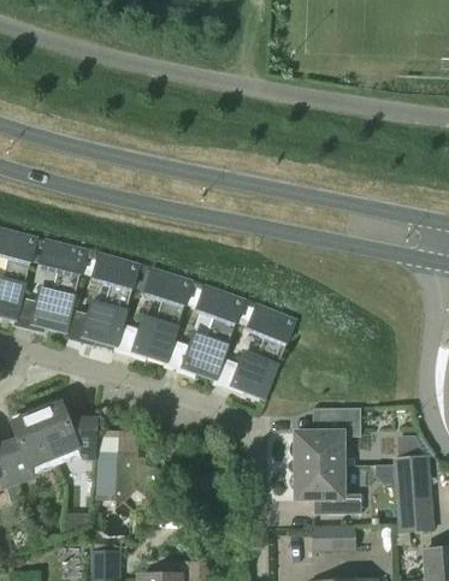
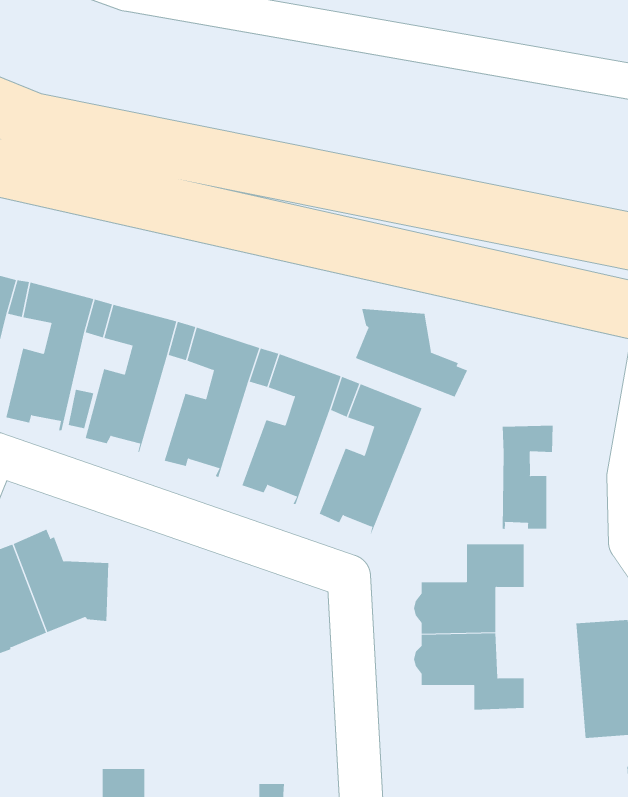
building: none -> [355,308,468,398]
building: none -> [502,425,553,530]
building: [94,429,141,502] -> none
building: [313,527,353,549] -> none

